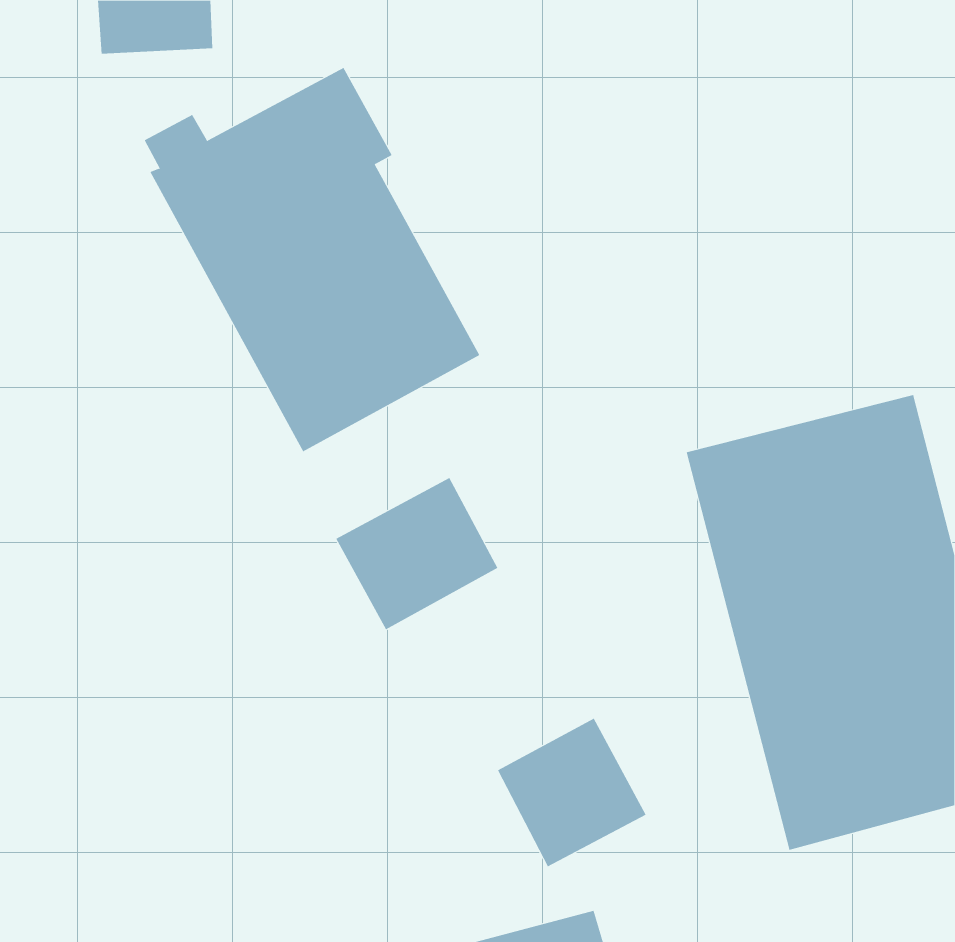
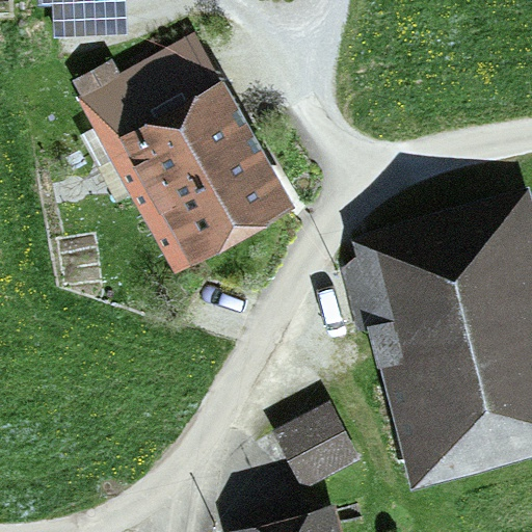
building: [336,477,498,630] -> none

